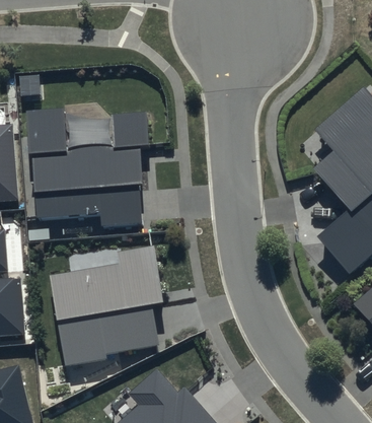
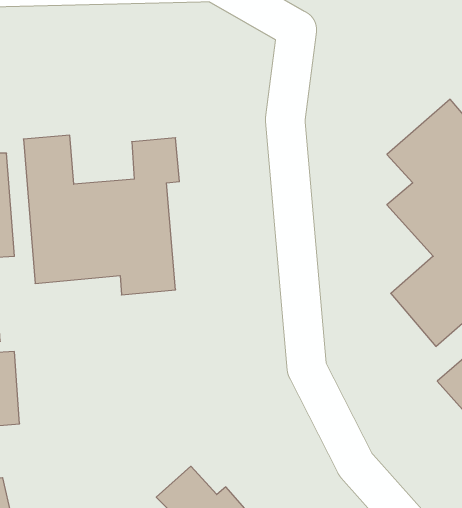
building: [50,245,162,371] -> none

